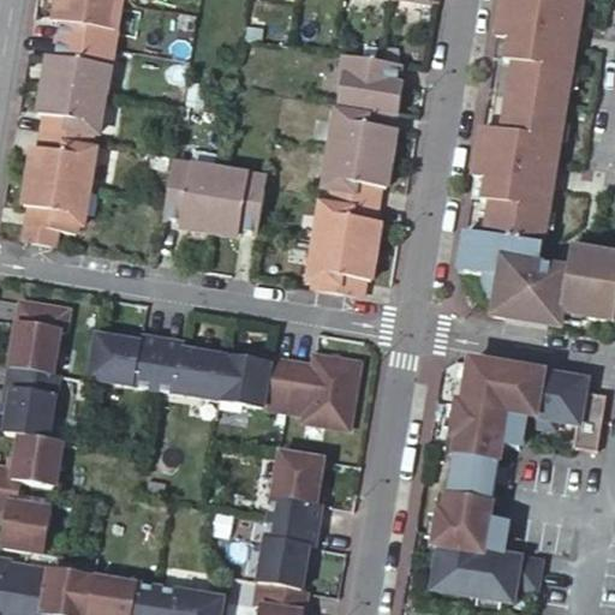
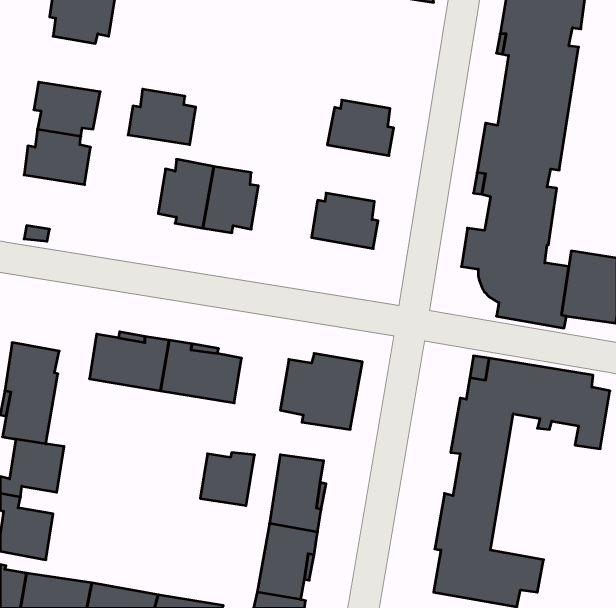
building: [40,36,107,91] -> [128,89,196,145]
building: [335,53,401,109] -> none
building: [321,144,388,201] -> none
building: [20,174,85,228] -> none
building: [305,237,372,292] -> none
building: [13,299,70,350] -> none
building: [234,356,288,408] -> [200,453,255,506]

